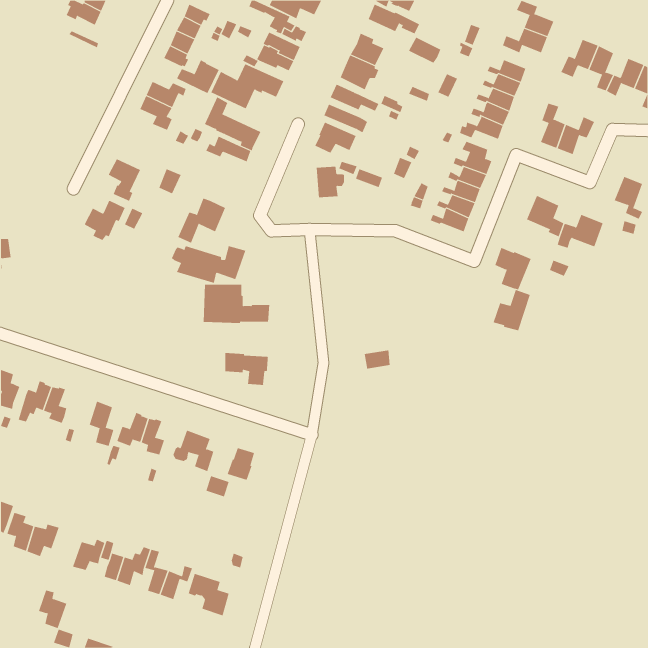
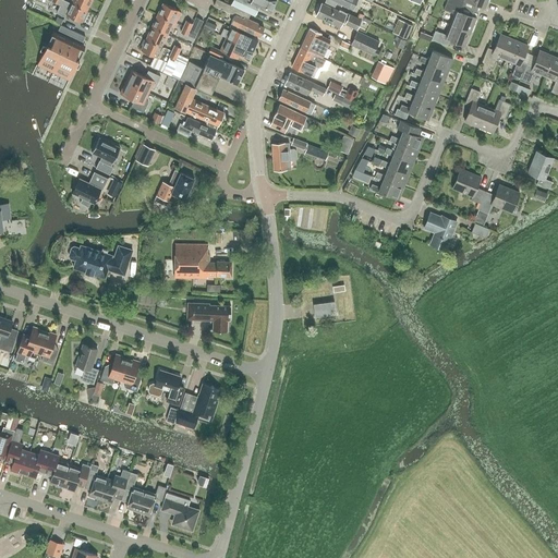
building: none -> [37,33,84,81]
building: [171,245,246,283] -> [69,245,133,278]
building: [493,289,530,331] -> none
building: [38,590,67,629] -> [45,453,70,487]

